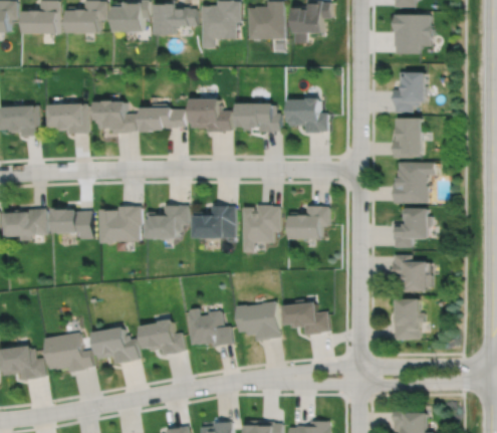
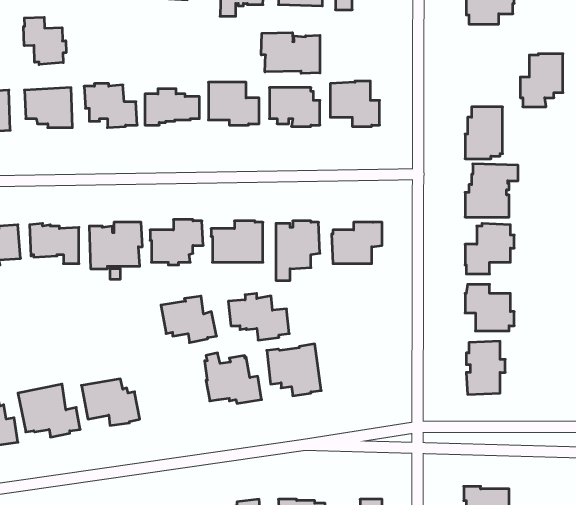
building: none -> [24,17,66,65]
building: none -> [261,33,320,73]
building: [392,71,425,113] -> [520,54,563,107]
building: [281,300,328,337] -> [228,293,289,340]
building: [143,320,186,357] -> [161,296,217,343]

